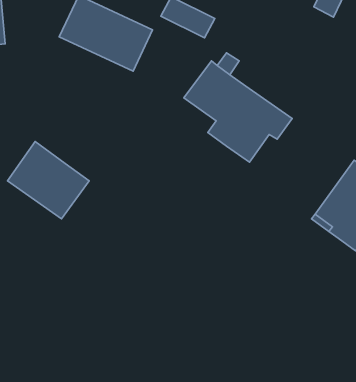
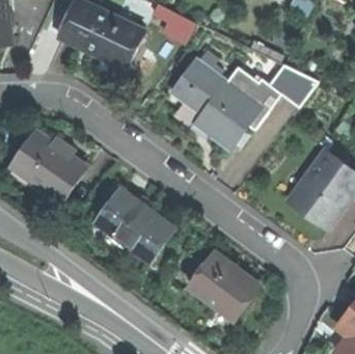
building: none -> [226,63,318,110]
building: none -> [95,189,173,262]
building: none -> [187,252,262,324]

